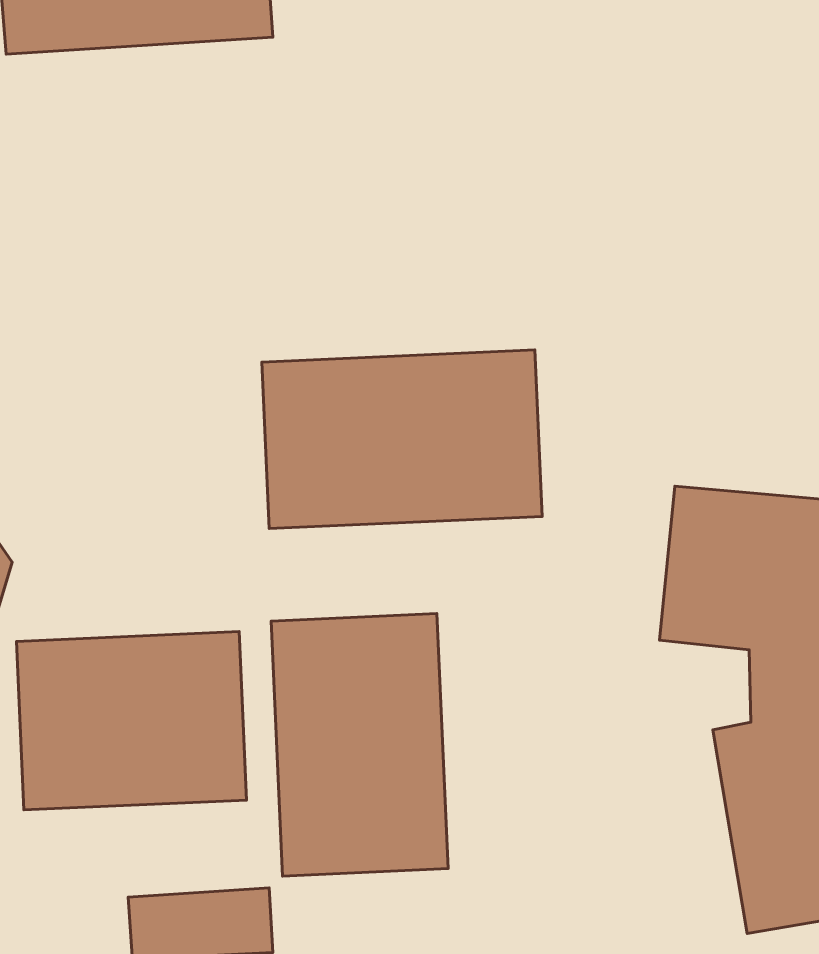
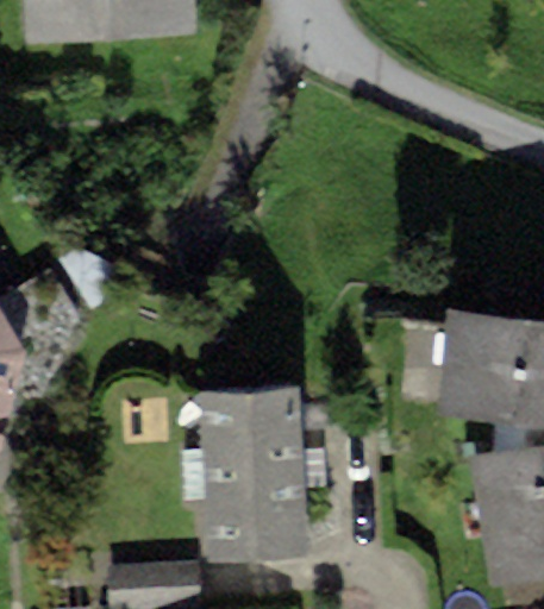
building: [262,350,542,529] -> none
building: [17,631,247,810] -> none

